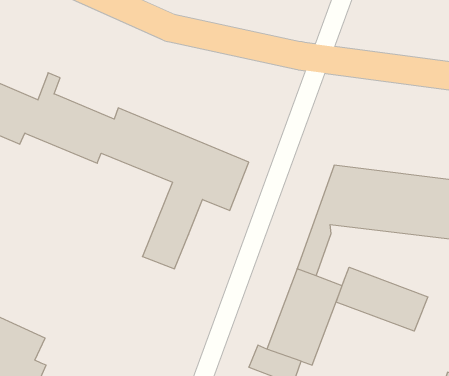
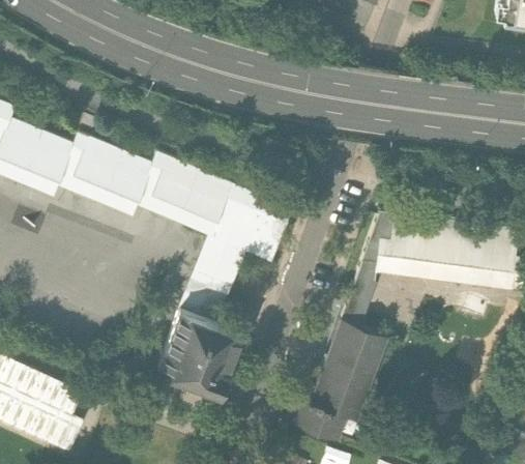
building: none -> [158,309,242,394]
building: [336,267,428,331] -> none

